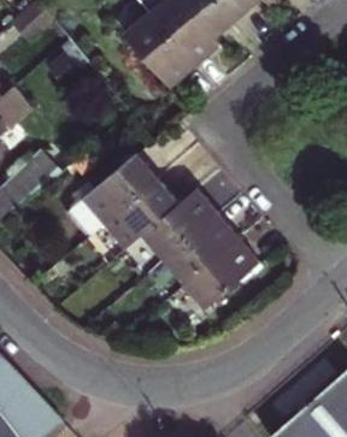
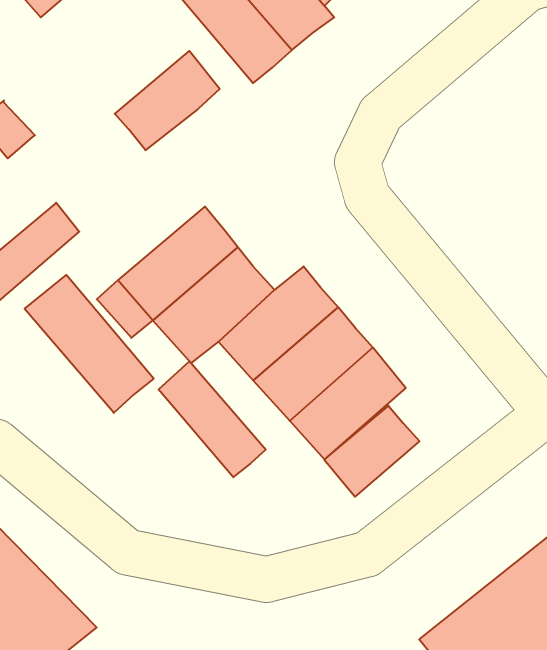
building: none -> [115,51,220,150]
building: none -> [25,275,154,413]
building: none -> [159,361,266,477]
building: none -> [324,406,419,497]

